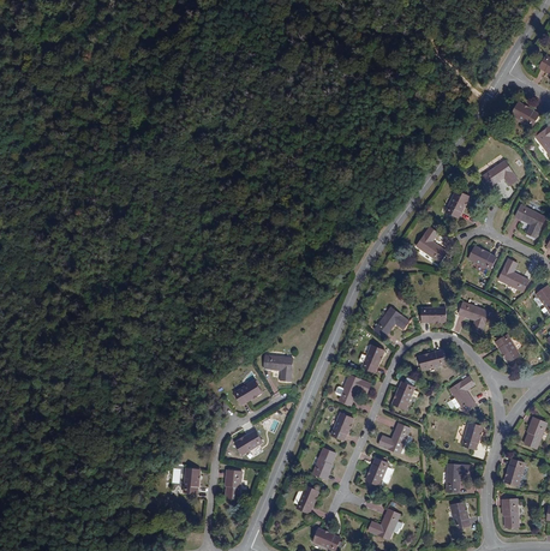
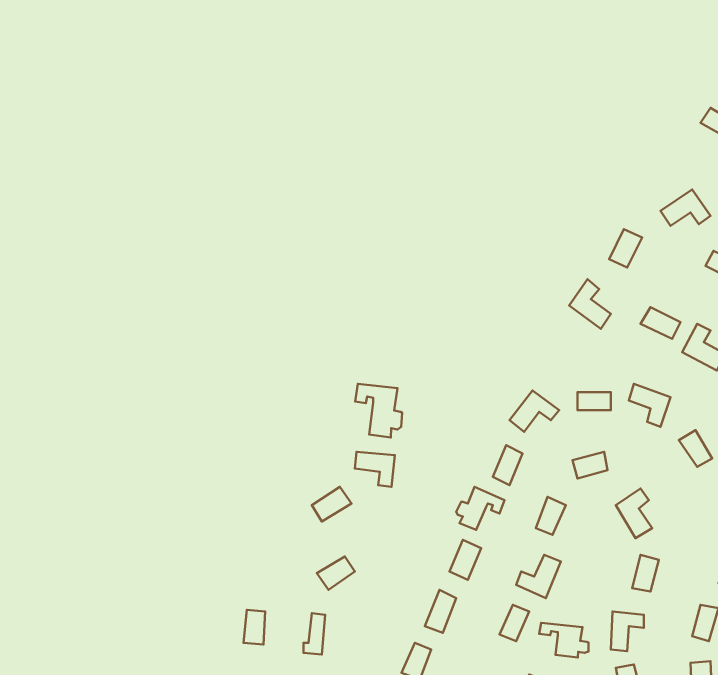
building: none -> [355,384,402,437]
building: none -> [539,623,589,658]

